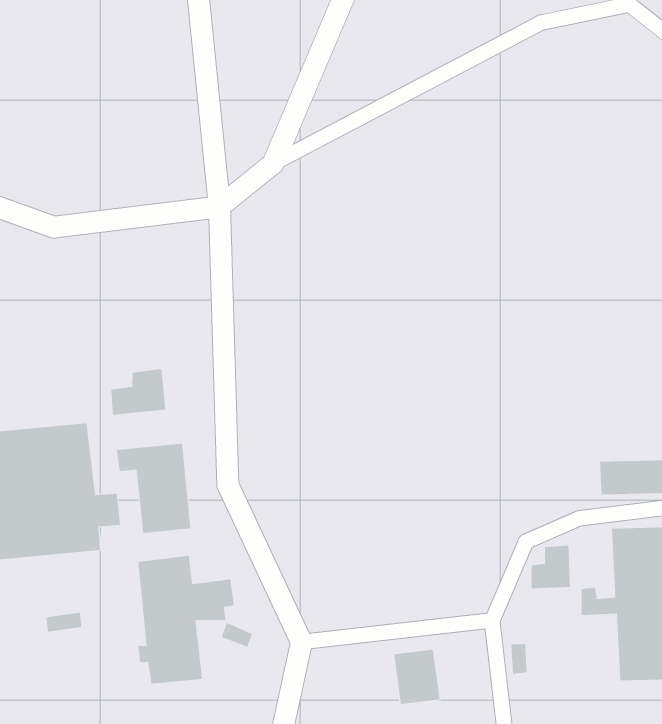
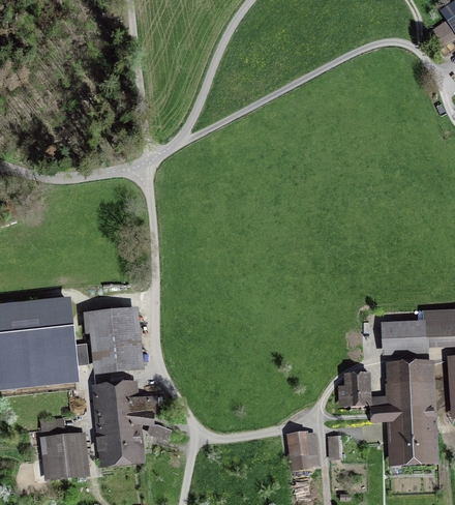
building: [111,368,166,416] -> none
building: none -> [43,433,87,476]
building: [394,649,440,704] -> [290,433,318,467]

